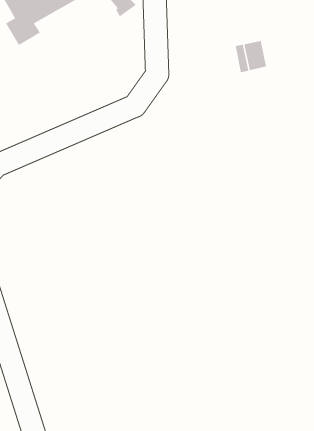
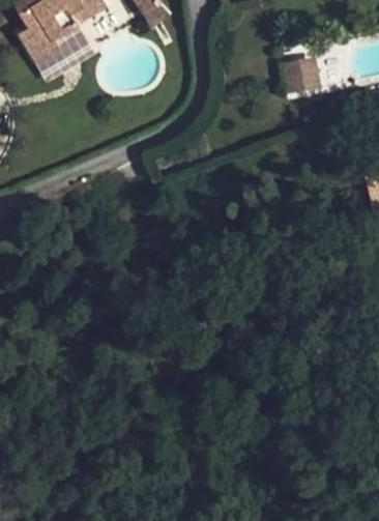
building: none -> [35,22,93,77]

